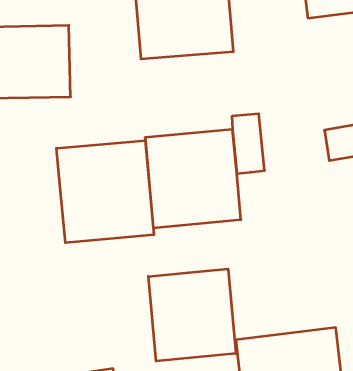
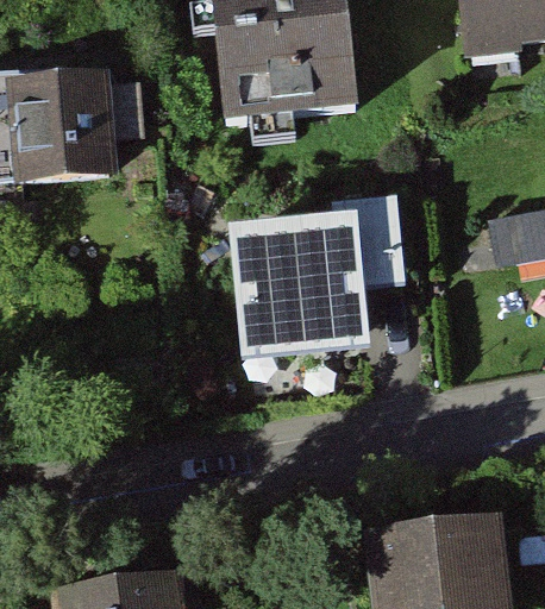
building: [56,140,154,243] -> none
building: [148,269,236,361] -> none

